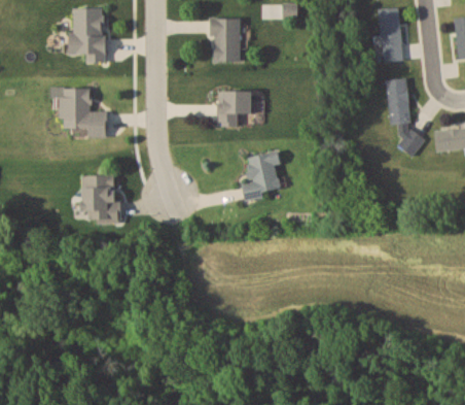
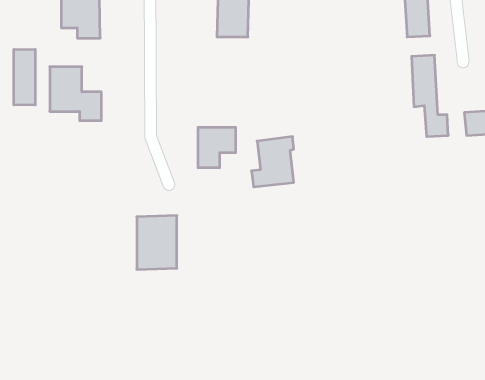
building: none -> [14,49,35,105]
building: [218,90,252,126] -> [198,127,236,168]
building: [83,174,119,223] -> [137,216,177,269]

